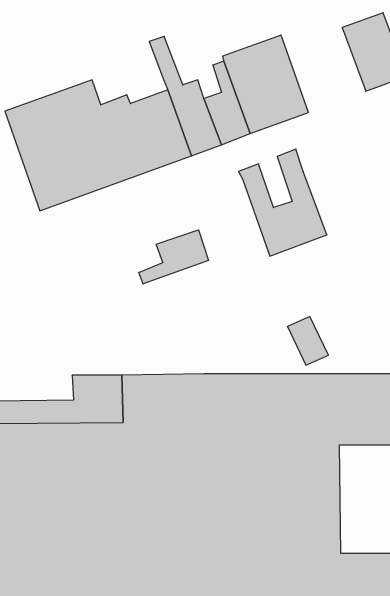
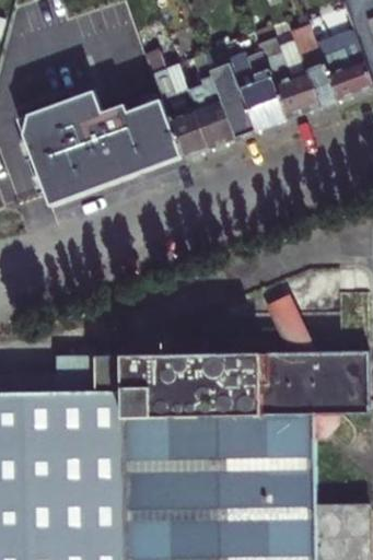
building: [239,149,327,256] -> [258,26,336,120]
building: [139,230,209,284] -> none

